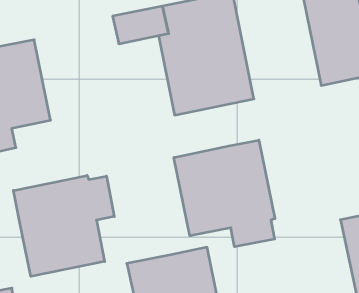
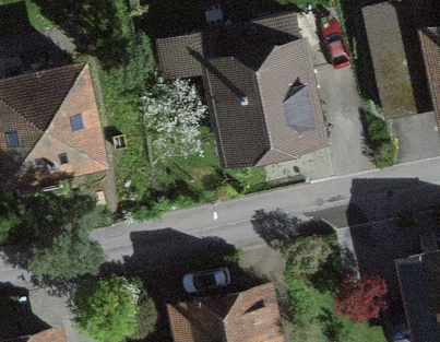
building: [174,140,275,247] -> none
building: [13,175,114,276] -> none

